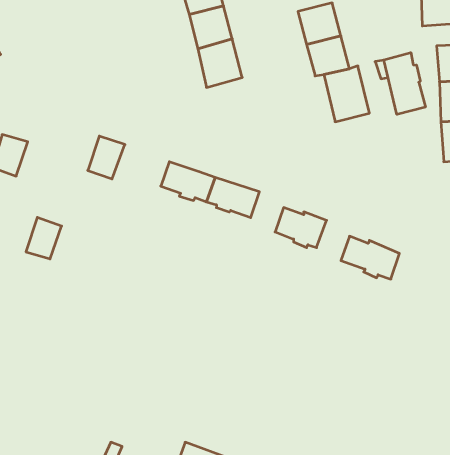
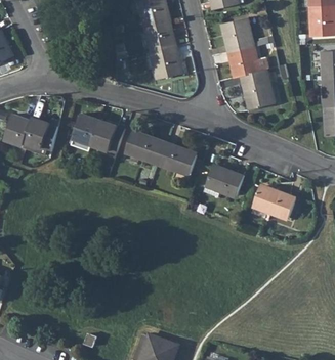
building: [384,53,425,114] -> none
building: none -> [91,120,125,152]
building: [26,217,62,259] -> [23,118,48,147]

